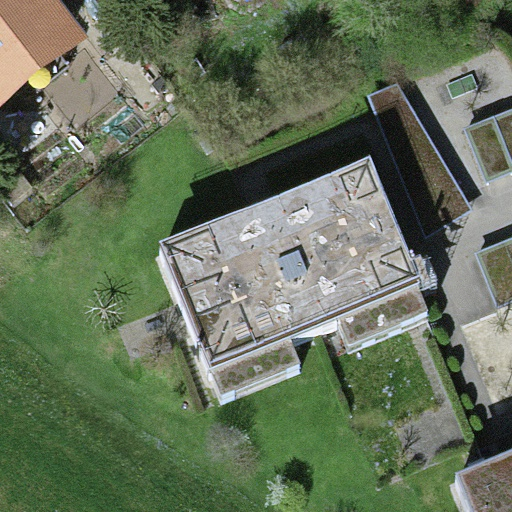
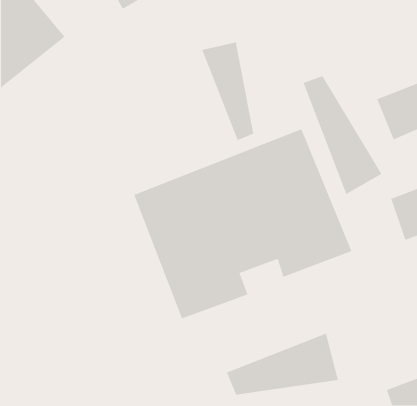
building: none -> [201,41,254,141]
building: none -> [226,333,339,396]

